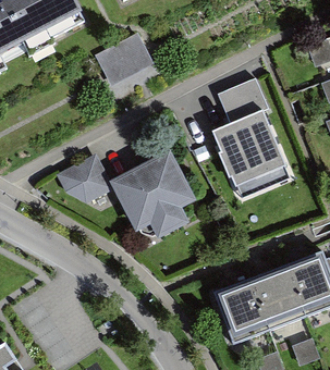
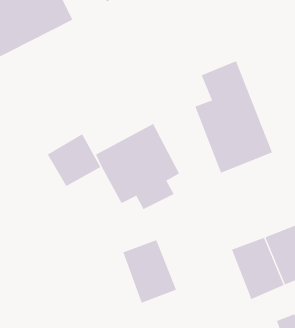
building: [93,38,151,90] -> none
building: [210,271,267,337] -> [122,240,177,303]

